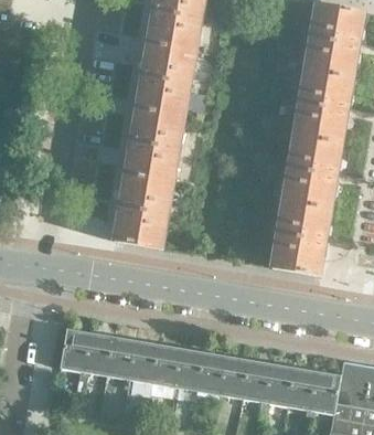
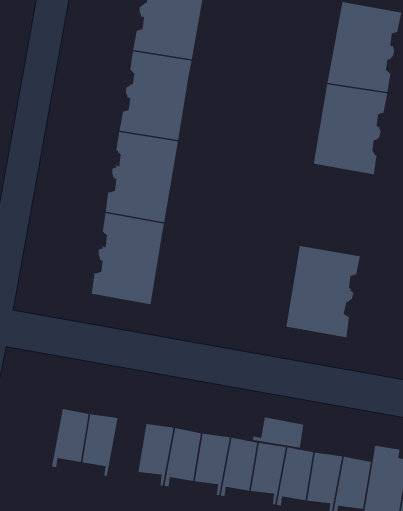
building: [280,135,341,209] -> none
building: [58,328,89,379] -> none
building: none -> [252,417,304,449]
building: [126,339,157,388] -> none

